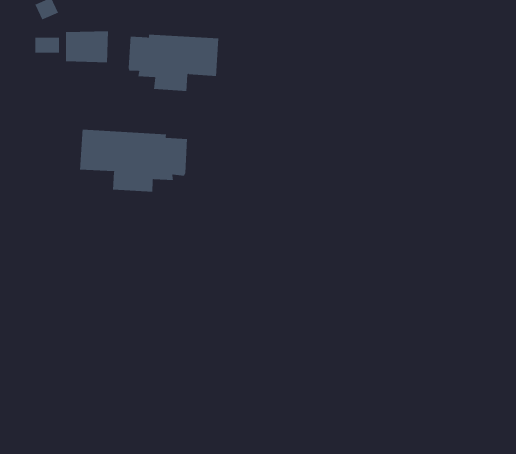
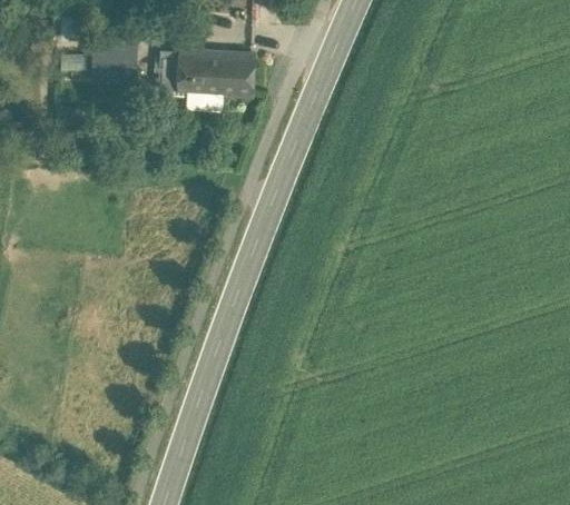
building: [79,129,188,192] -> none

